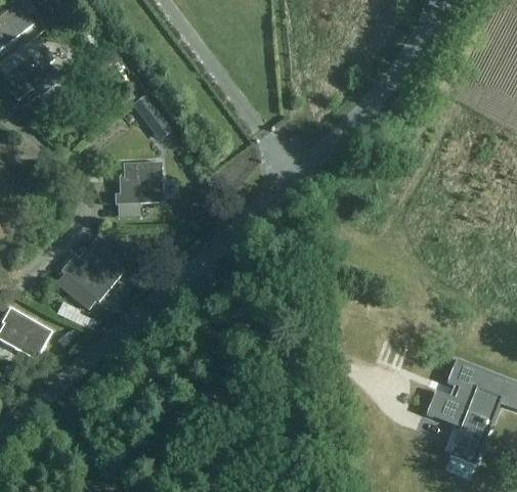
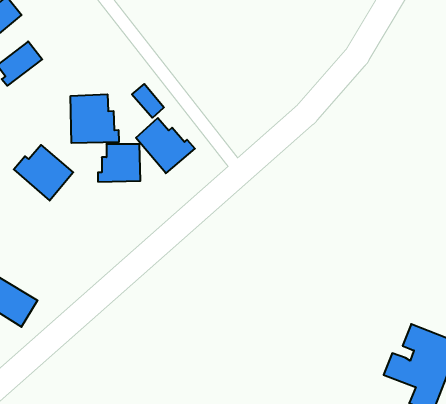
building: none -> [71,94,119,143]
building: none -> [136,118,195,173]
building: [58,242,123,303] -> [14,145,73,201]

